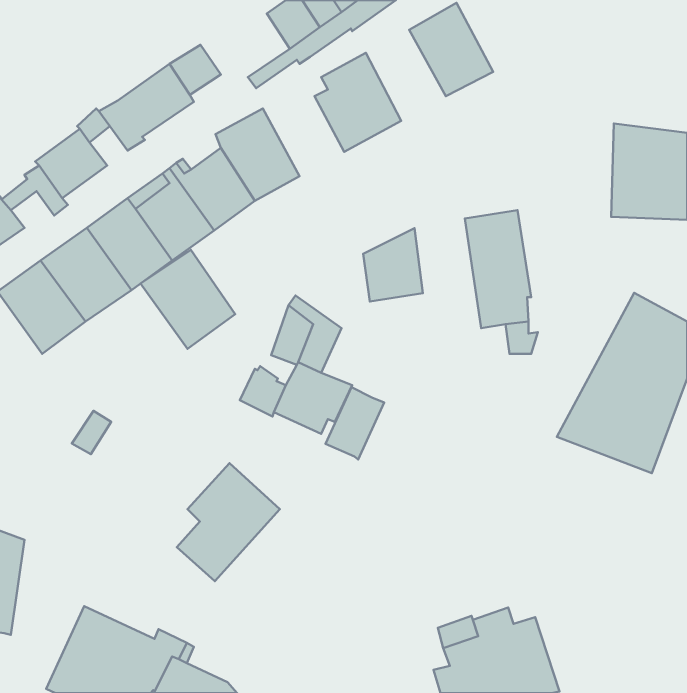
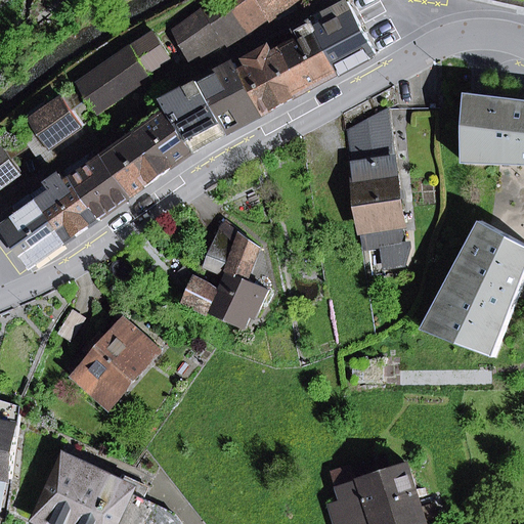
building: none -> [171,10,219,58]
building: none -> [276,23,337,91]
building: none -> [199,63,260,133]
building: [363,228,423,301] -> [346,110,391,165]
building: [141,250,235,349] -> none
building: [325,387,384,459] -> none
building: [177,463,280,581] -> [77,316,155,405]

